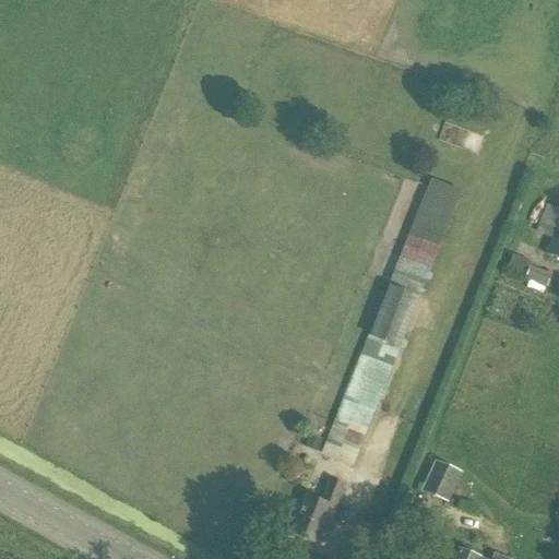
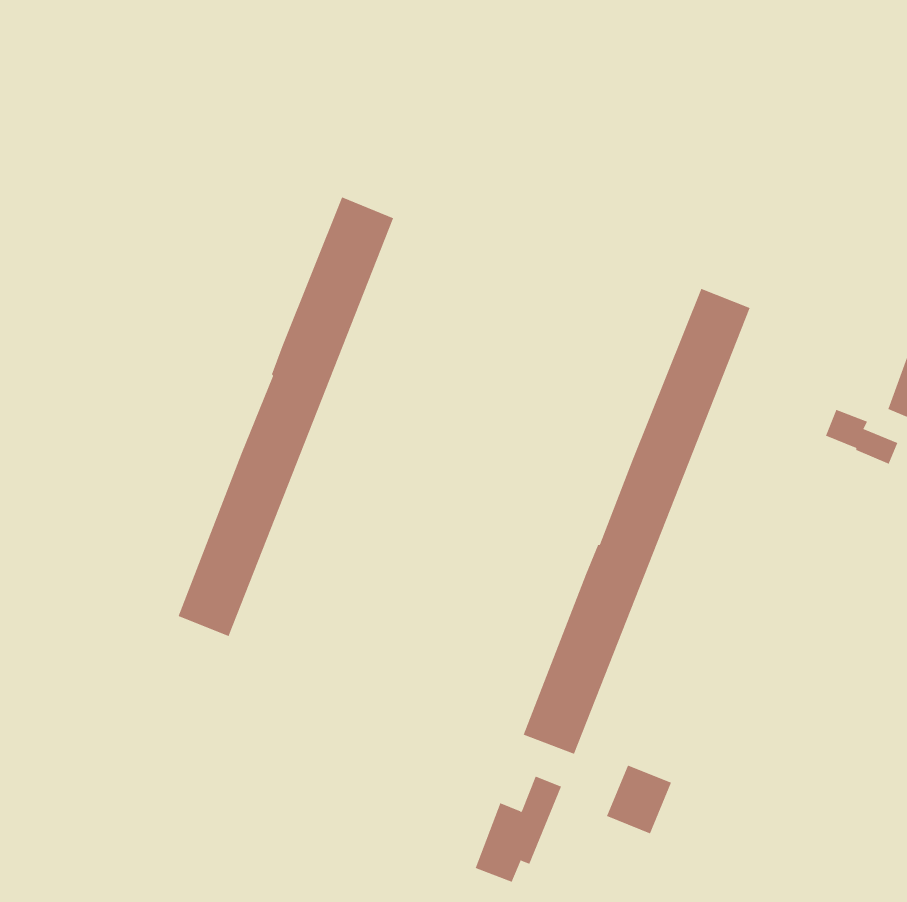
building: none -> [178,196,394,637]
building: [421,457,462,500] -> [606,765,672,834]

